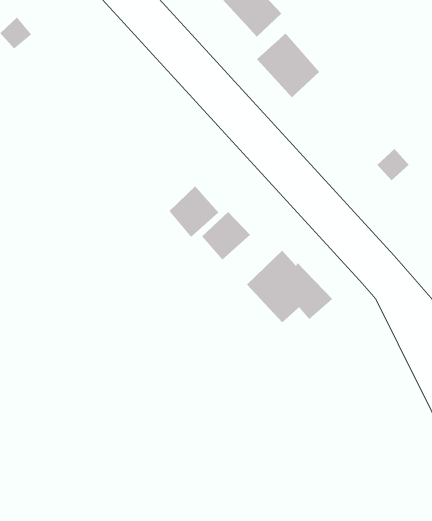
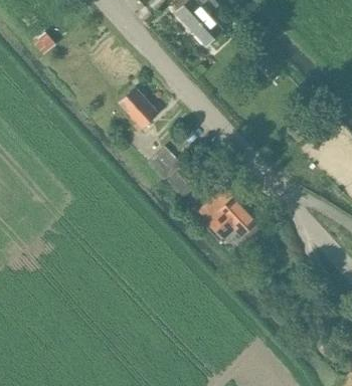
building: [256,33,320,98] -> none
building: none -> [120,86,160,132]

